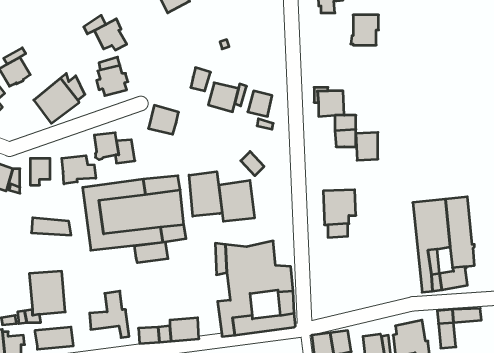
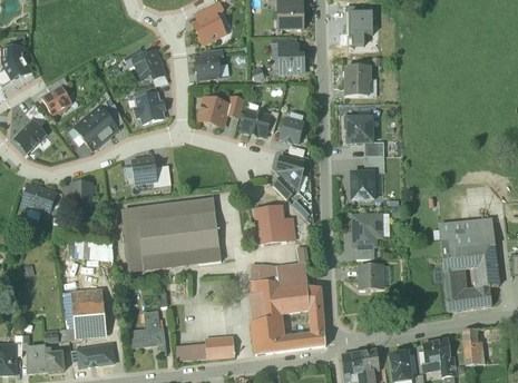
building: none -> [278,45,303,72]
building: [351,15,379,45] -> [343,67,370,96]
building: none -> [194,56,219,78]
building: [148,105,179,134] -> [198,98,227,126]
building: none -> [276,156,302,190]
building: [356,132,378,160] -> [351,171,372,198]
building: [62,156,96,184] -> none
building: [189,172,222,216] -> none
building: [135,242,168,263] -> none
building: none -> [359,265,382,287]

